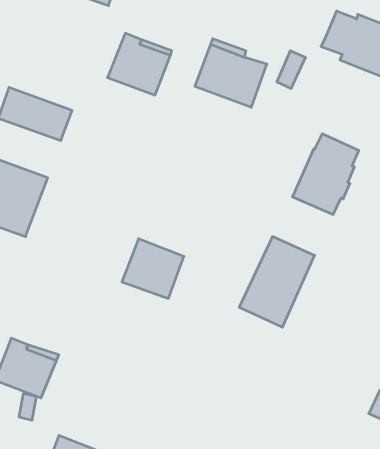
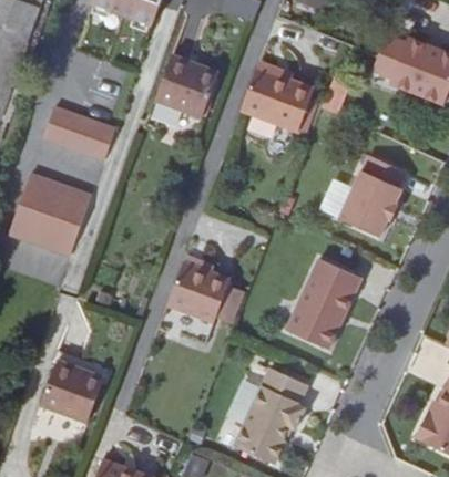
building: none -> [234,367,307,464]

